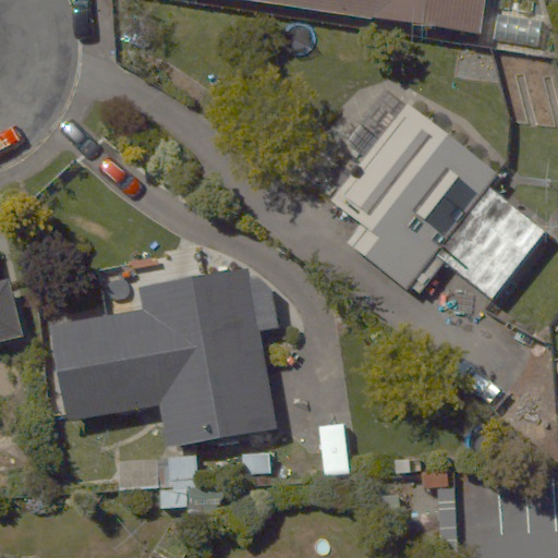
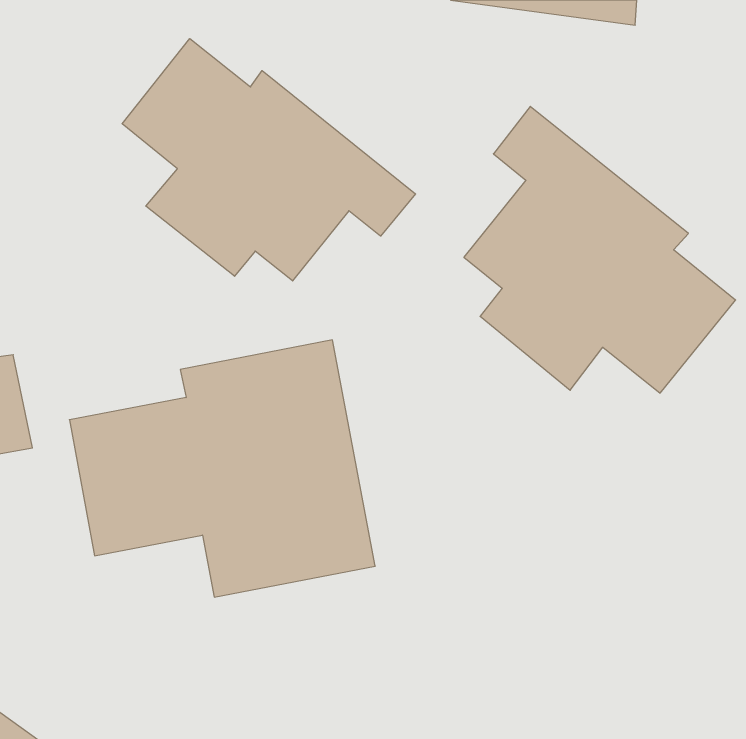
building: none -> [122,39,416,281]

